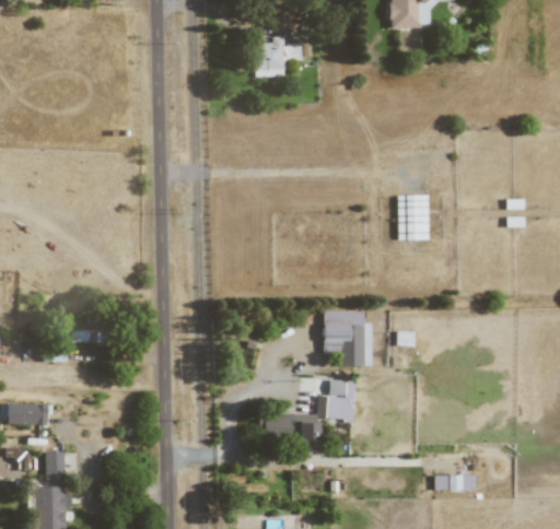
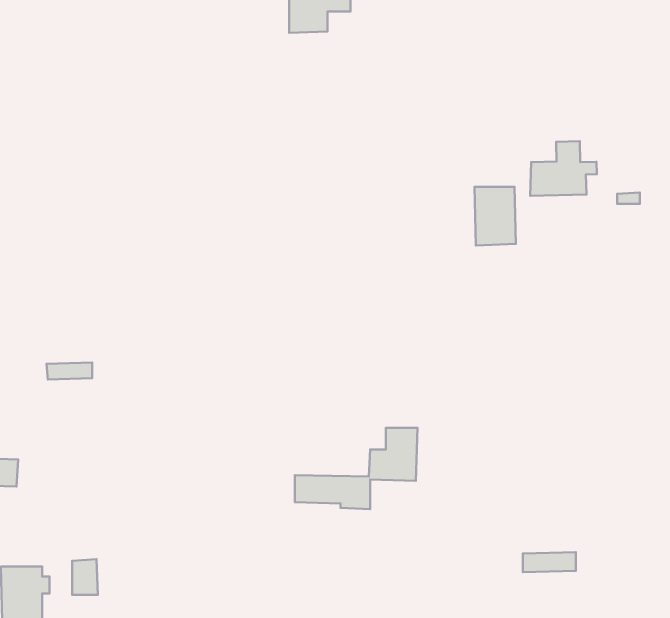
building: none -> [530,141,597,196]
building: [324,310,373,365] -> none
building: [47,451,67,479] -> [72,559,98,595]

